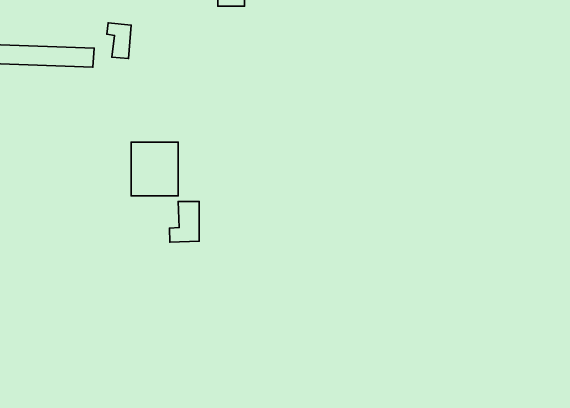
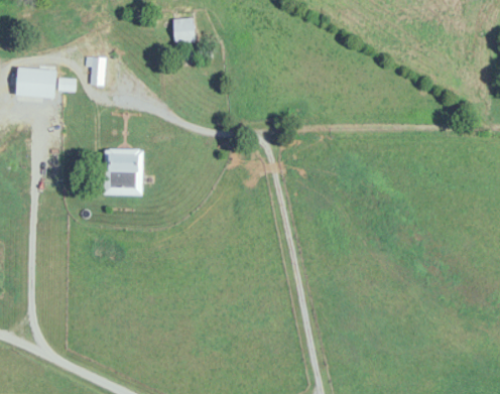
building: [169,201,199,242] -> none

